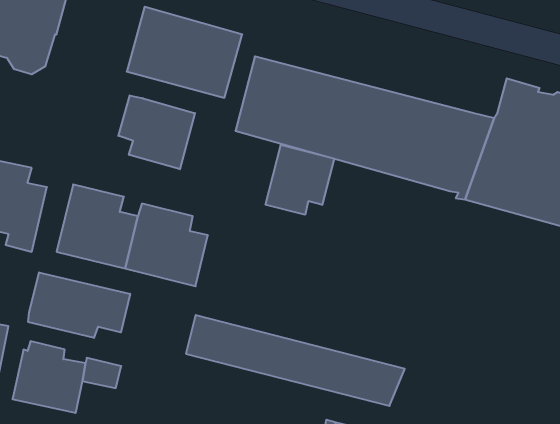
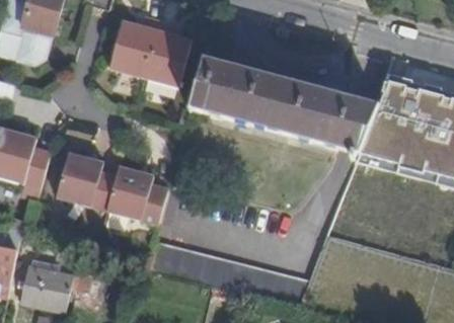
building: [118,95,195,169] -> none
building: [266,145,334,215] -> none
building: [28,272,130,338] -> none

